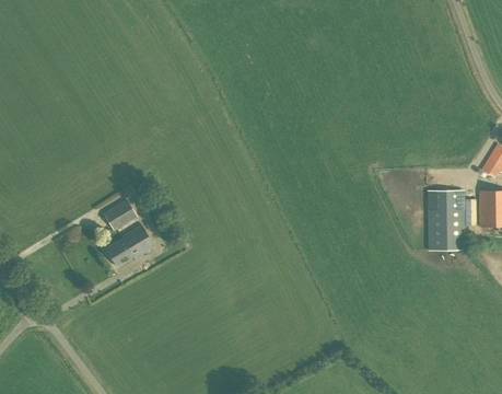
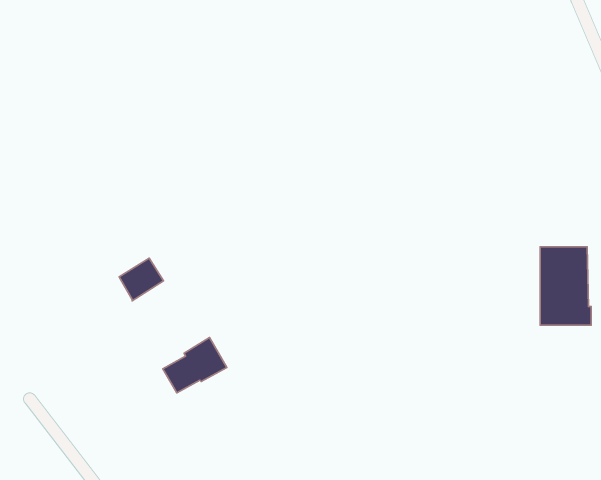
building: [105,224,154,267] -> [163,338,227,393]

